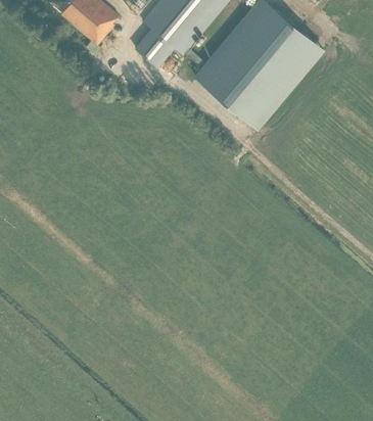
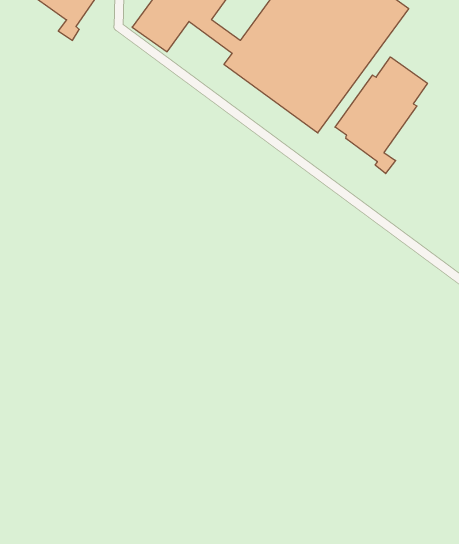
building: none -> [335,57,427,174]

